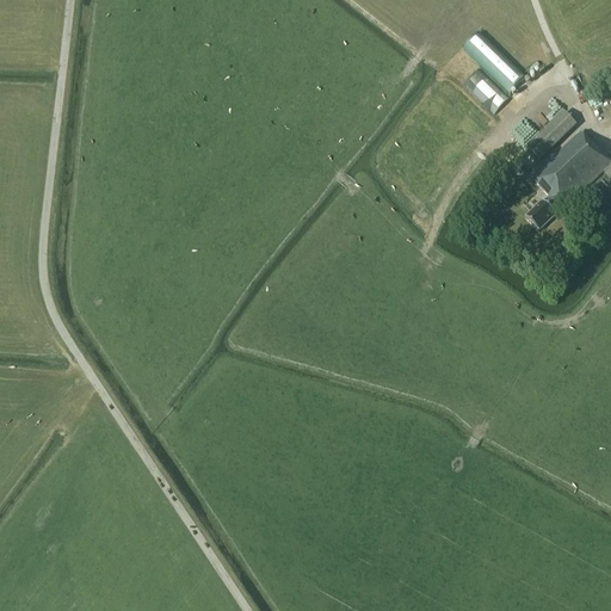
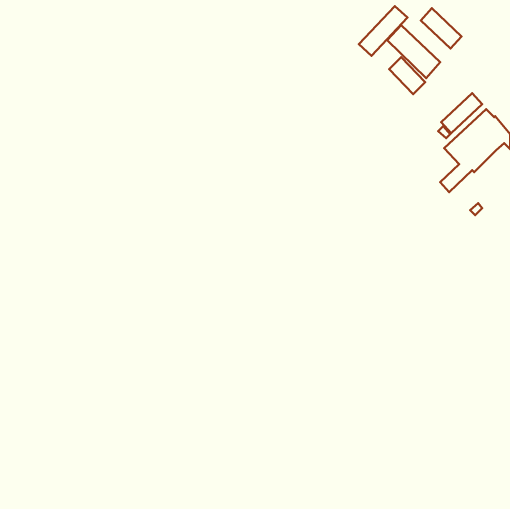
building: none -> [359,6,407,56]
building: none -> [421,8,462,48]

